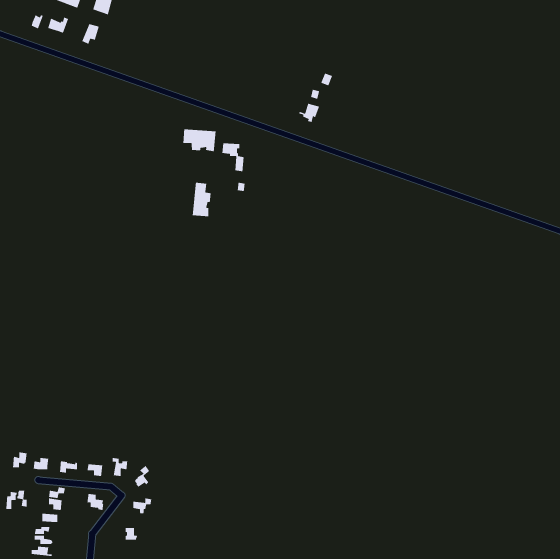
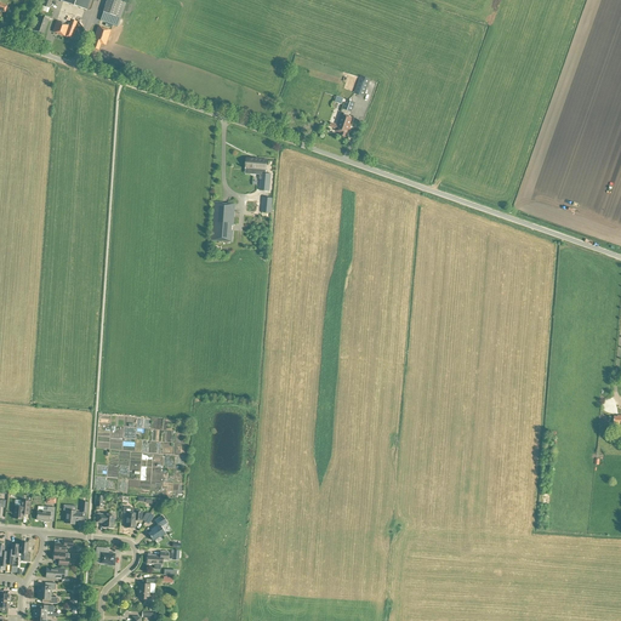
building: [182,129,217,152] -> none

